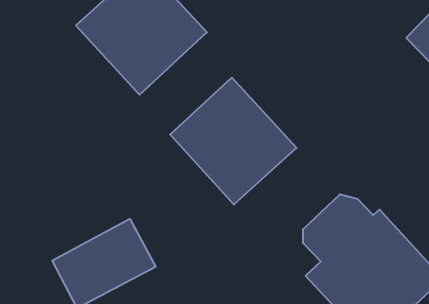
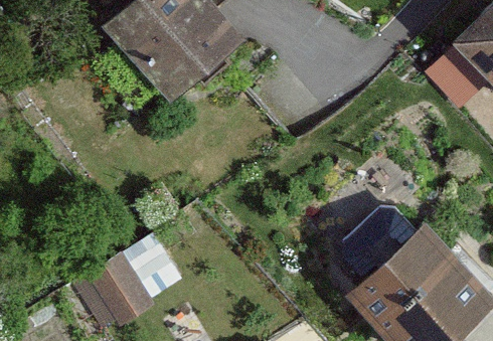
building: [170,78,297,205] -> none

